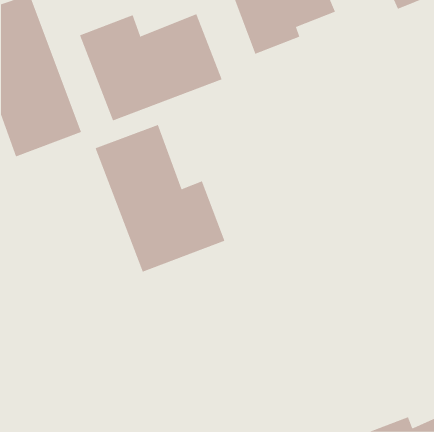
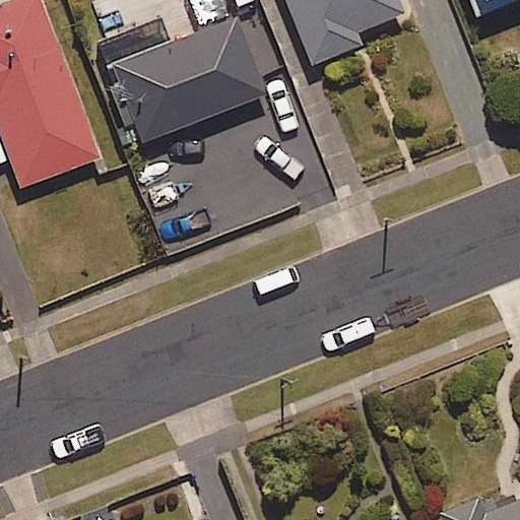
building: [95,124,225,272] -> none

